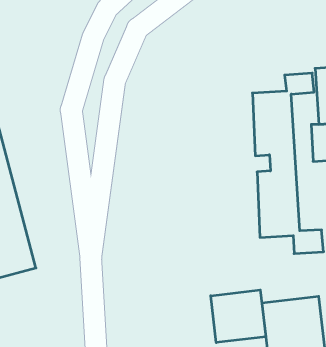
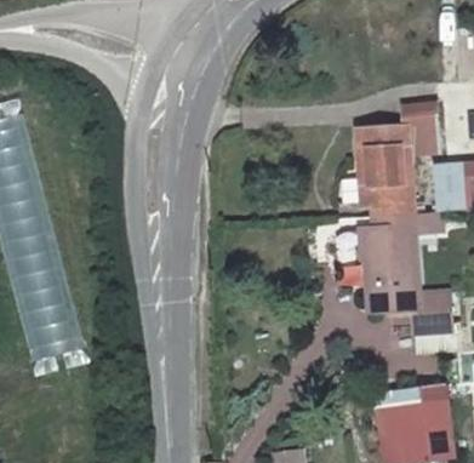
building: [211,290,266,343] -> none

